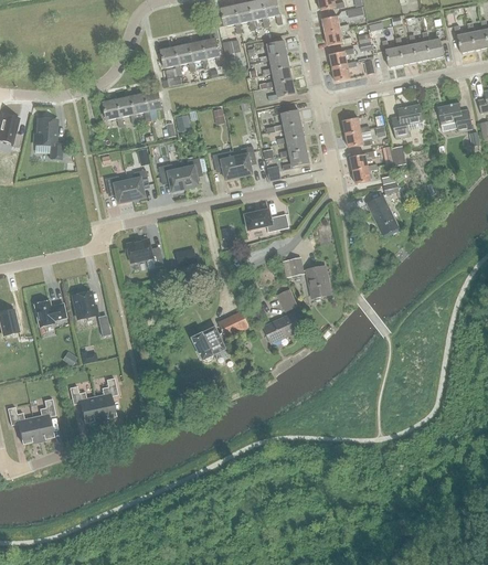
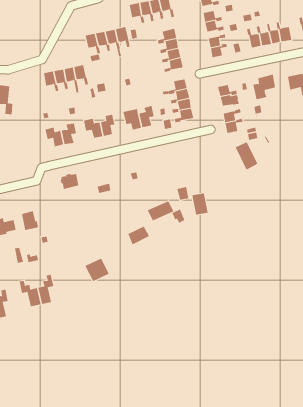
building: [244,210,280,232] -> none
building: [263,313,300,342] -> [147,200,174,221]
building: [191,327,225,360] -> [85,258,110,282]

